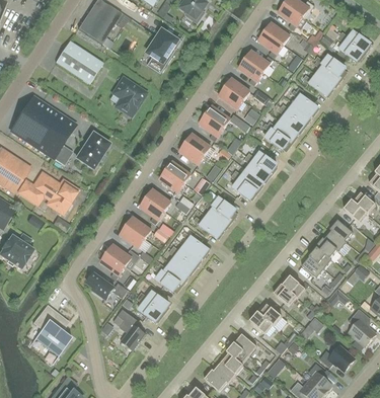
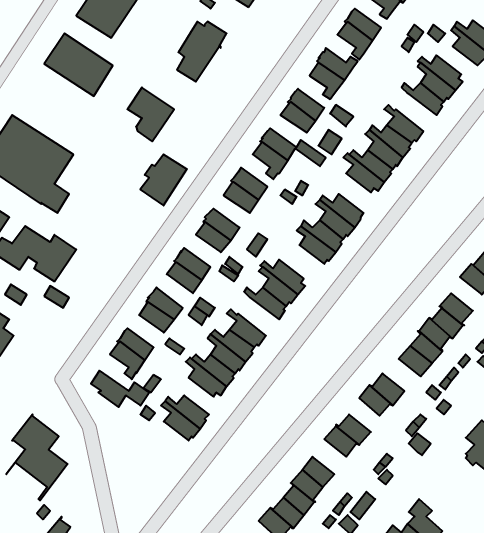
building: [76,133,108,168] -> [140,154,187,206]
building: [112,308,145,350] -> none
building: [319,345,355,370] -> none

